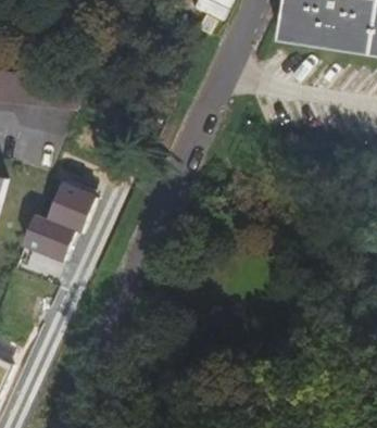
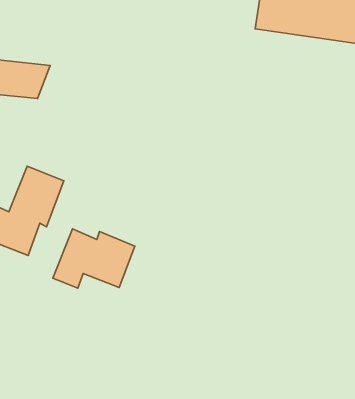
building: none -> [53,229,135,288]

